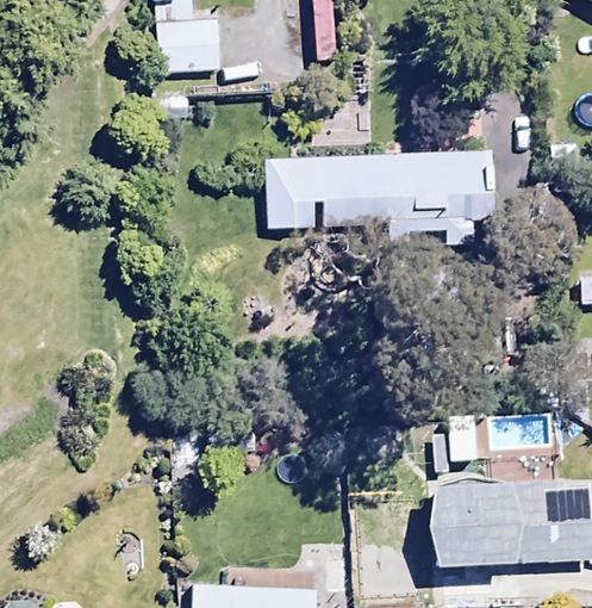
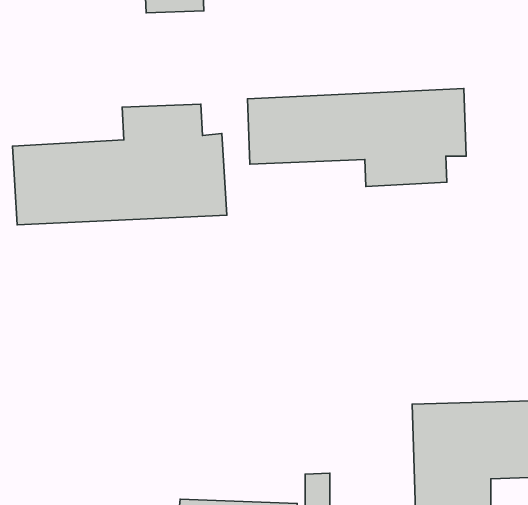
building: none -> [13,104,227,225]

